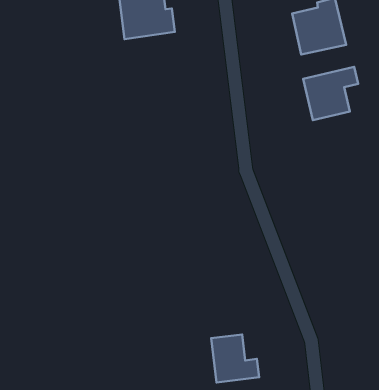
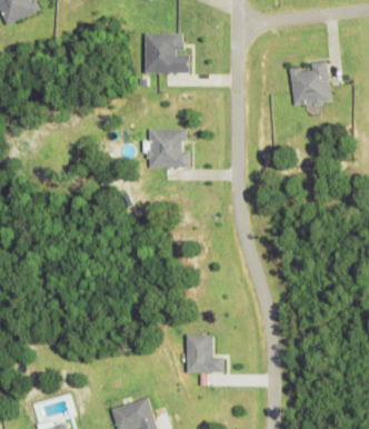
building: [303,67,358,120] -> none
building: none -> [148,128,189,167]

